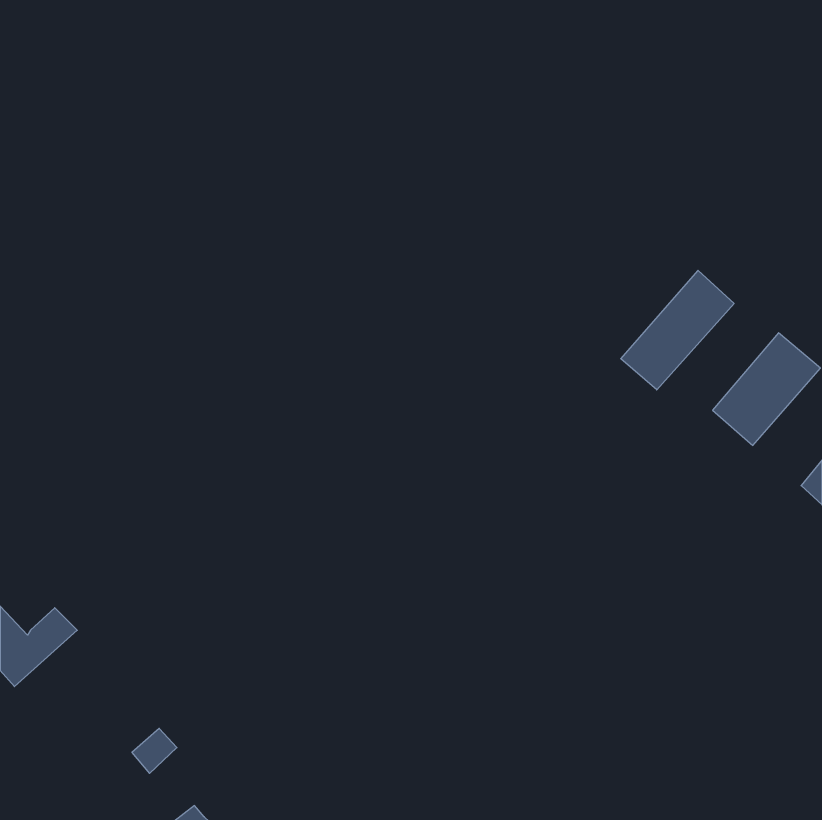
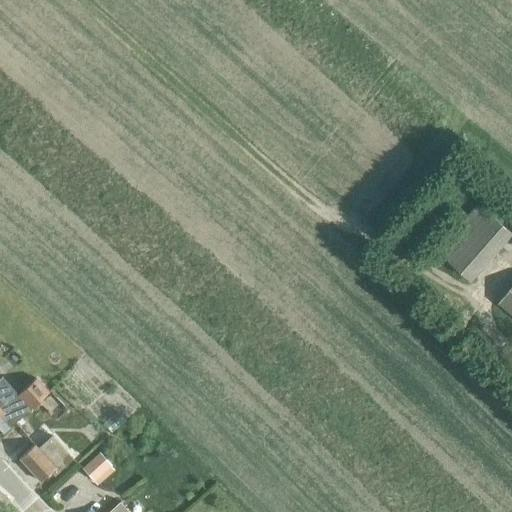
building: [621,270,734,390] -> none
building: none -> [19,436,72,482]

